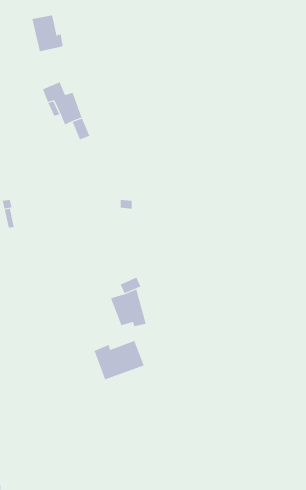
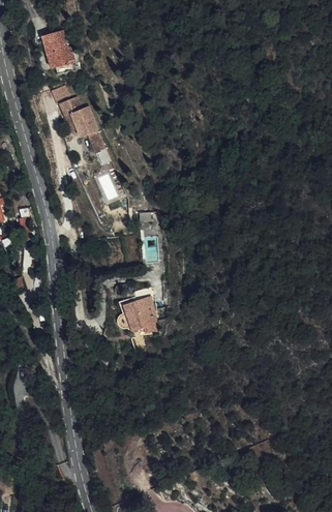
building: [94,340,145,380] -> none

